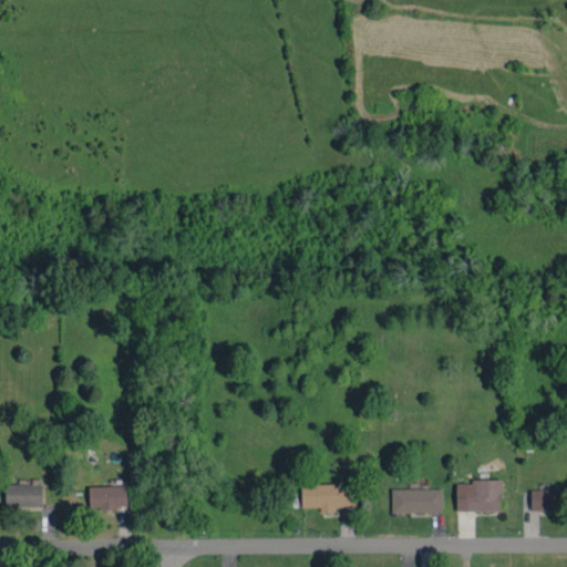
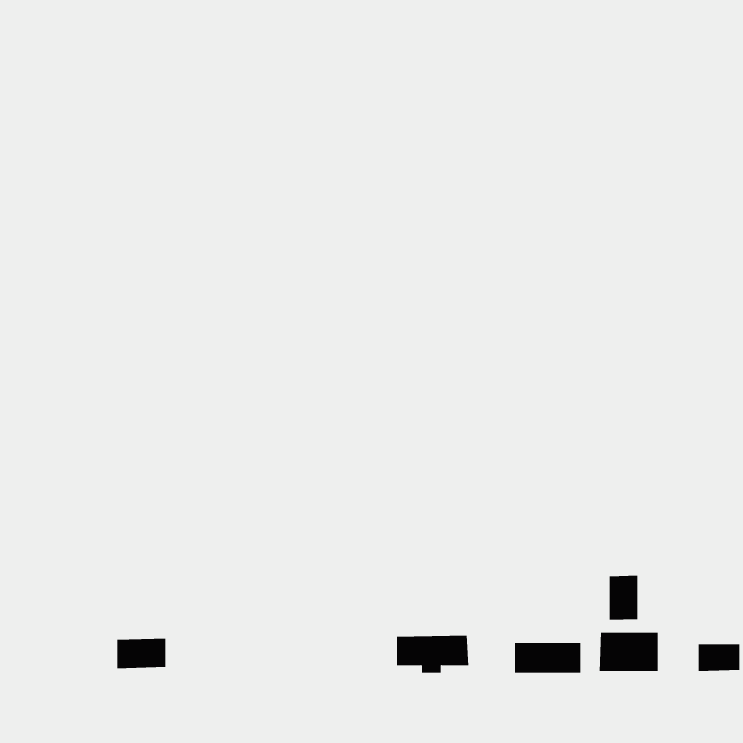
building: none -> [609,575,638,620]
building: [6,484,43,507] -> none

